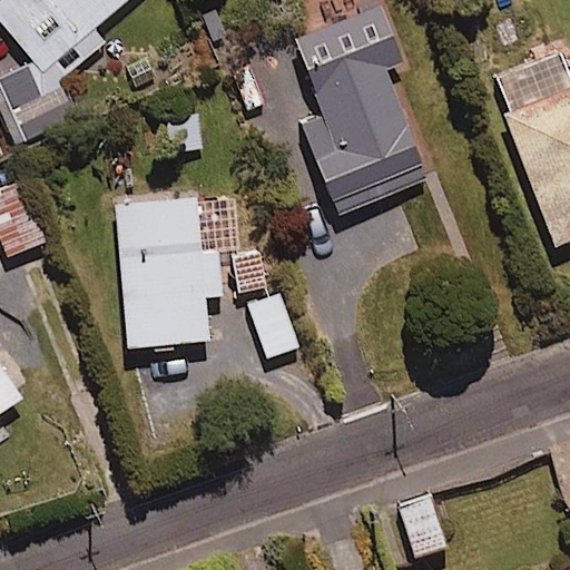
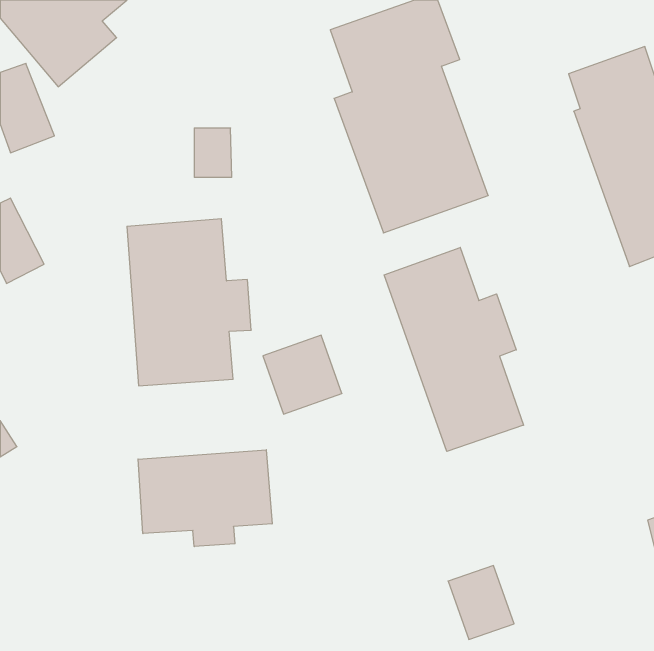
building: none -> [384,247,524,451]
building: none -> [138,450,272,547]

